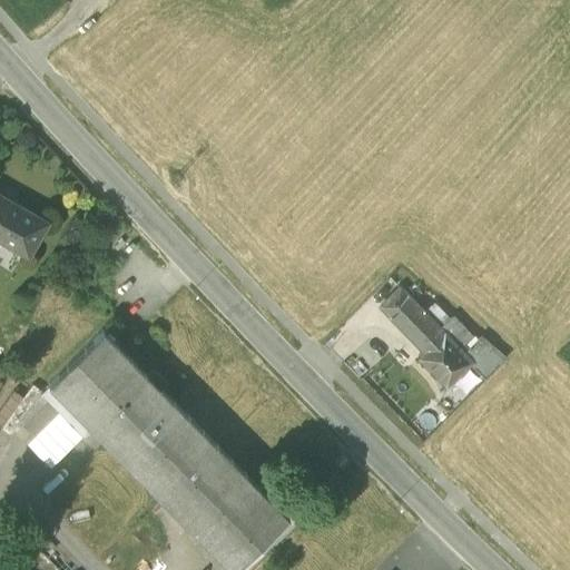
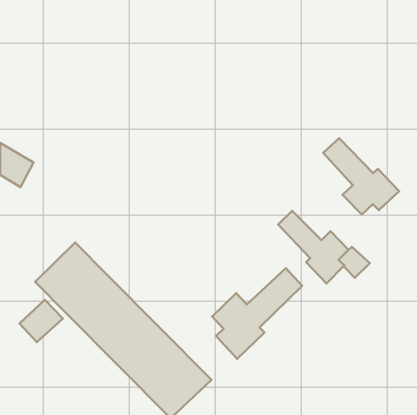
building: none -> [323,138,399,214]
building: none -> [212,268,302,359]

